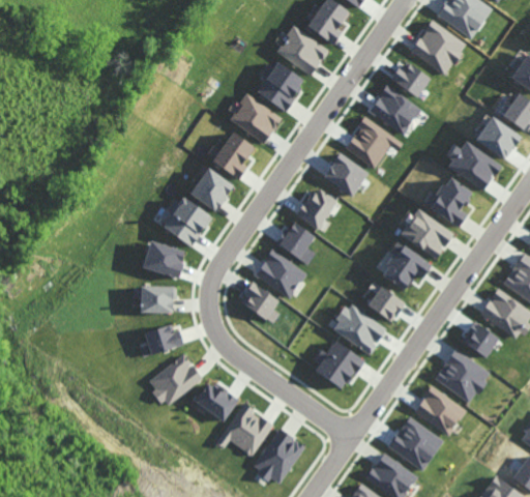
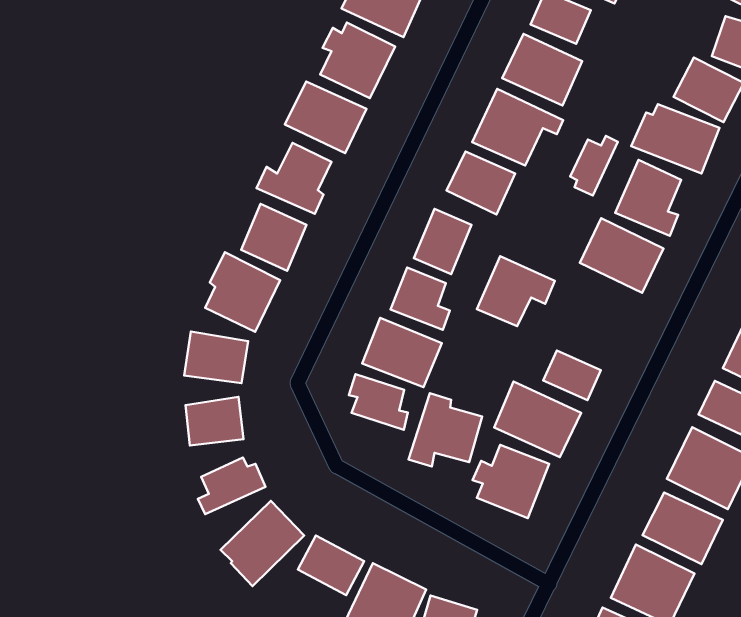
building: none -> [570,136,618,195]
building: [380,243,432,289] -> [477,256,555,326]
building: none -> [408,393,482,467]

